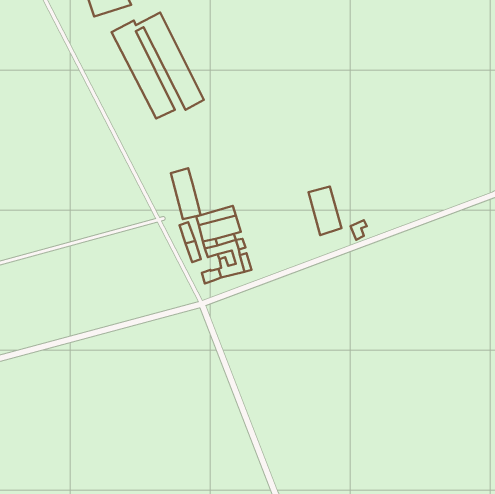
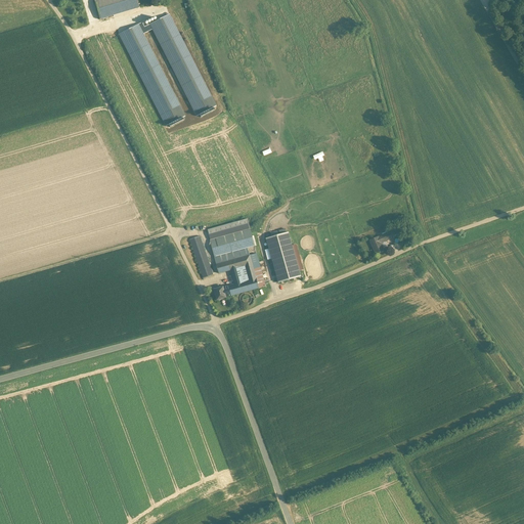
building: [171,168,201,219] -> none
building: [309,186,342,235] -> [265,230,300,281]

